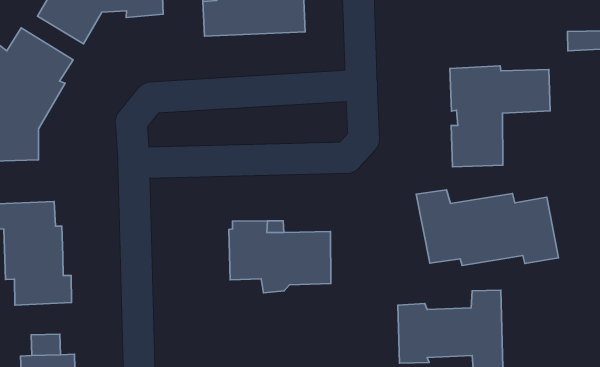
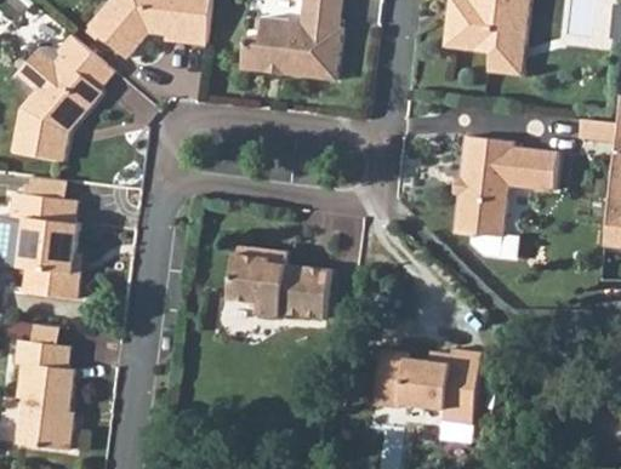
building: [416,190,558,266] -> none

